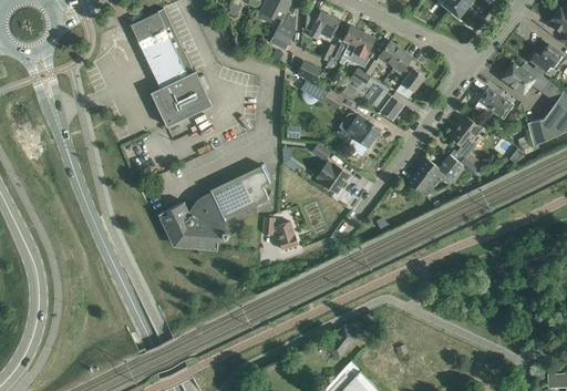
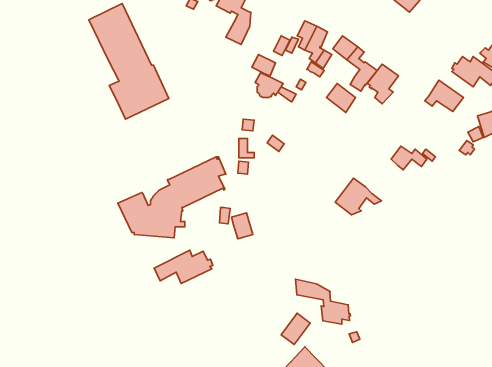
building: [306,11,340,40] -> none
building: [340,114,380,147] -> none
building: [450,117,482,158] -> [367,64,398,104]
building: [409,160,456,197] -> [335,178,382,215]
building: [316,163,349,193] -> none
building: none -> [154,250,213,284]
building: none -> [295,279,350,324]

